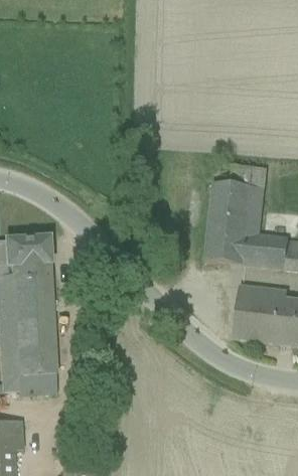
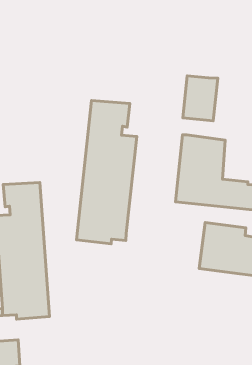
building: none -> [183,76,218,121]
building: none -> [77,100,137,244]

